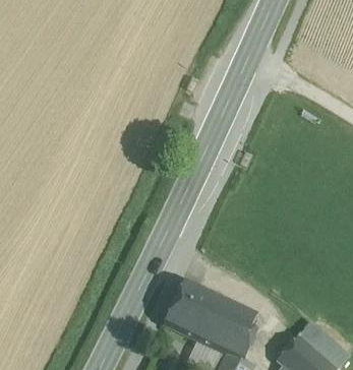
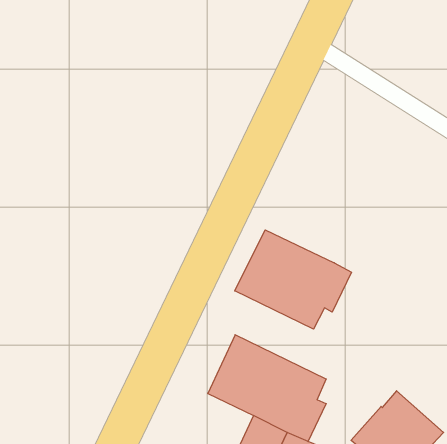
building: none -> [235,230,351,329]

